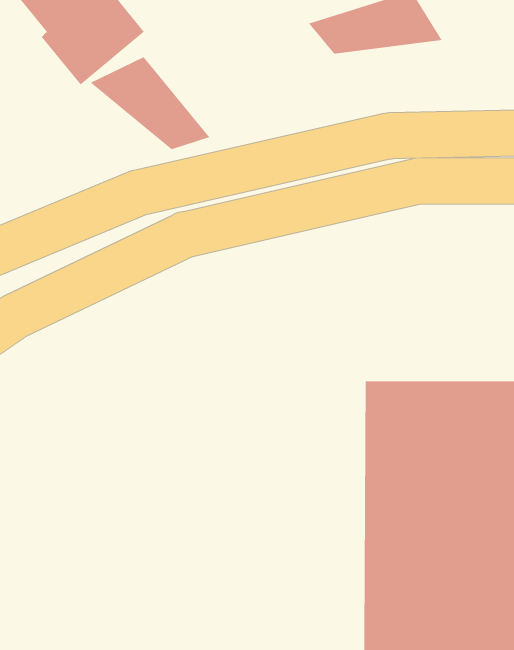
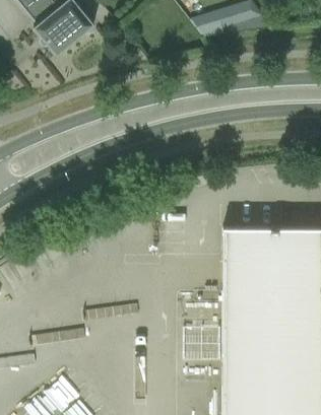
building: [90,56,211,150] -> none

